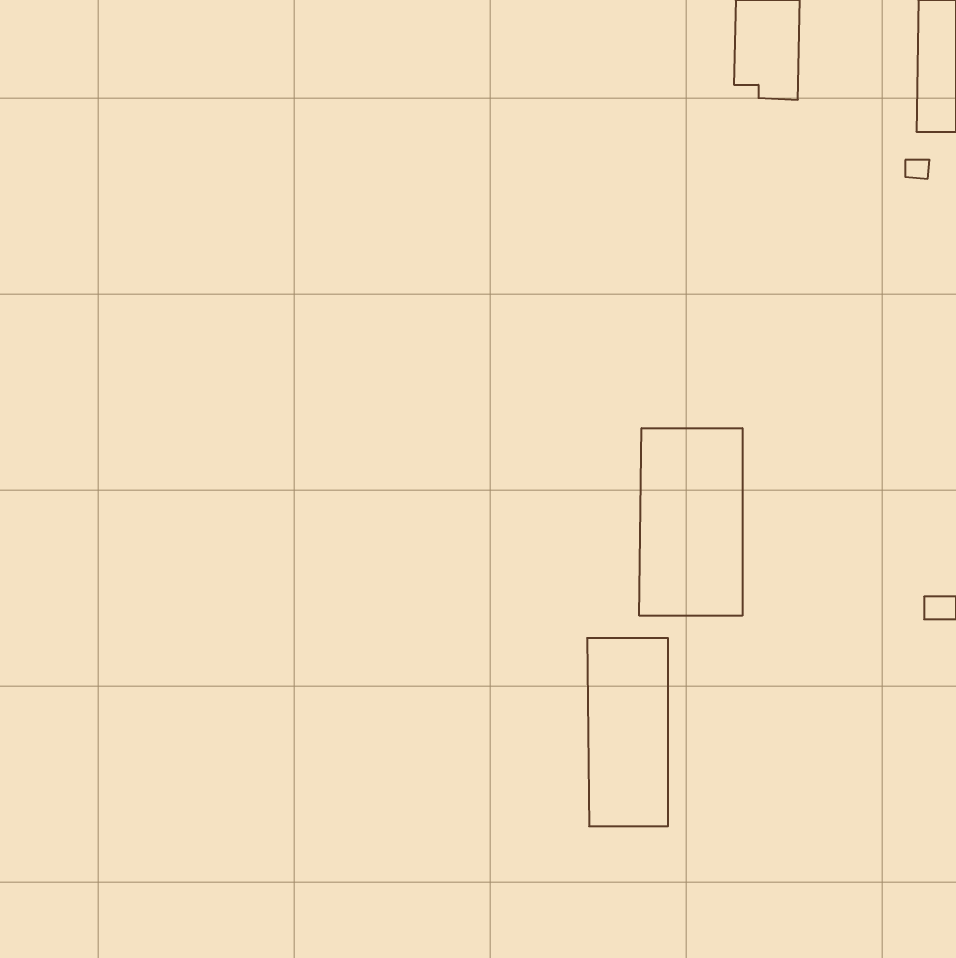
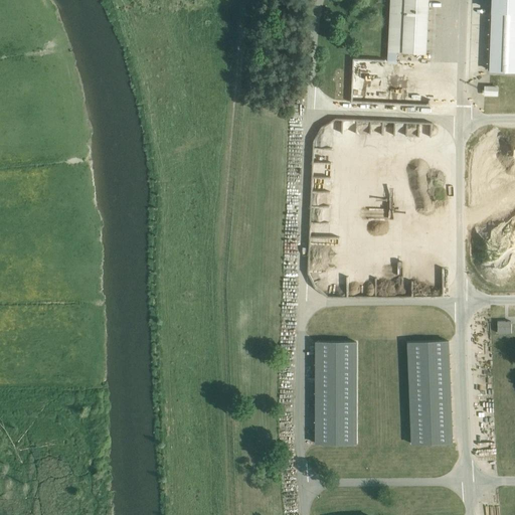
building: [639,428,742,616] -> none
building: none -> [406,341,454,444]

